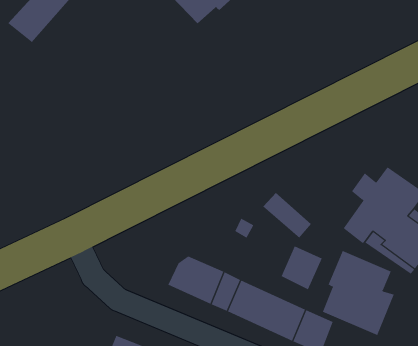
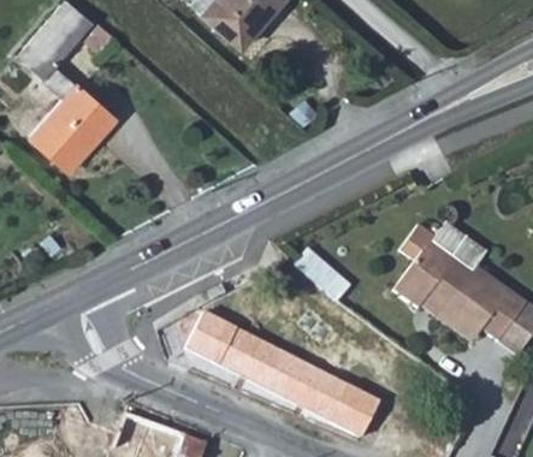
building: none -> [23,78,112,165]
building: [281,245,323,290] -> none
building: [322,250,394,336] -> none

